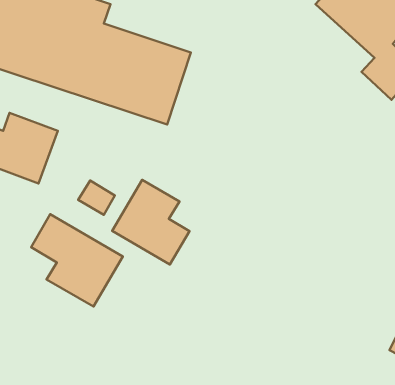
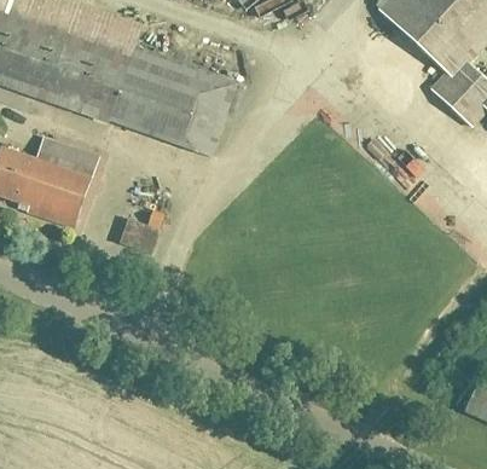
building: [112,180,189,265] -> none
building: [31,214,123,307] -> none

